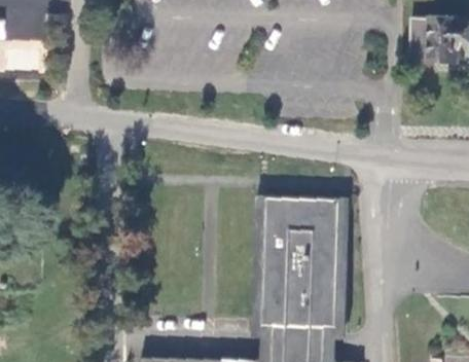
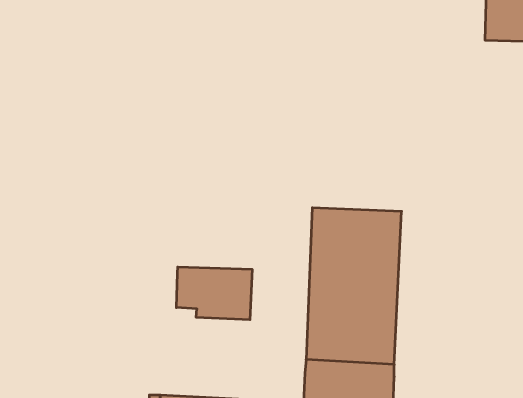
building: none -> [176,267,252,320]

